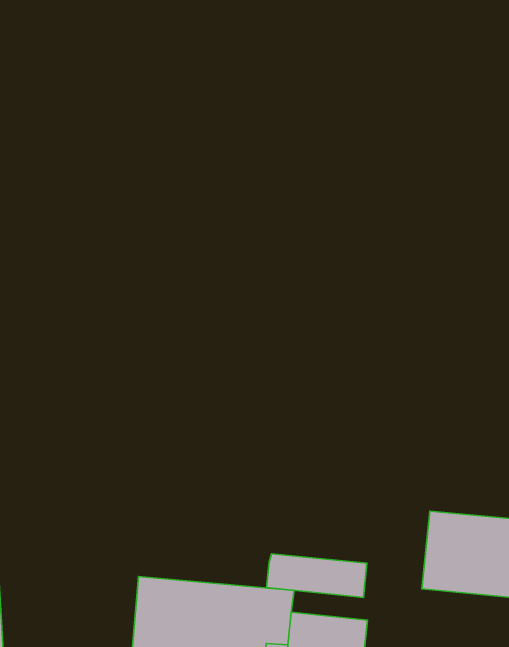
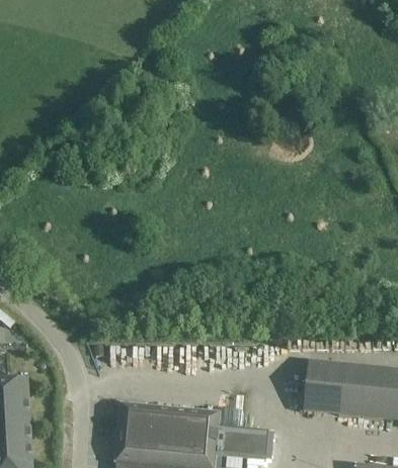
building: [266,554,367,598] -> none

